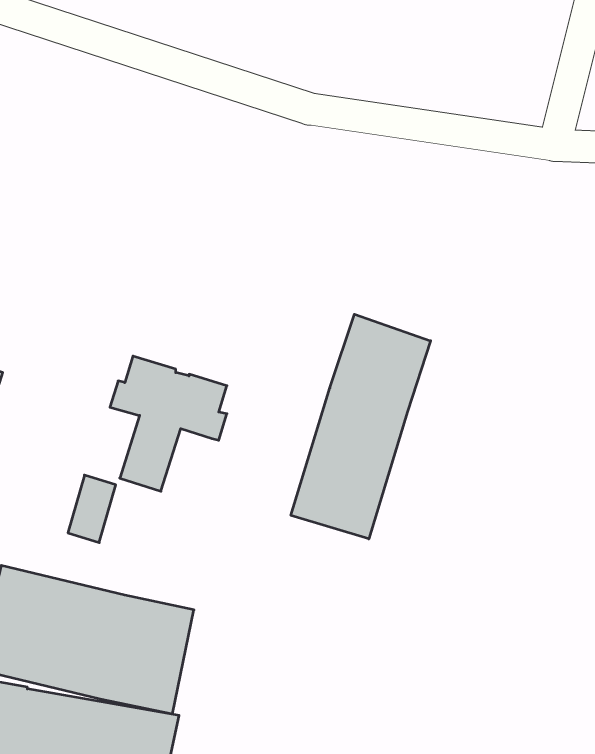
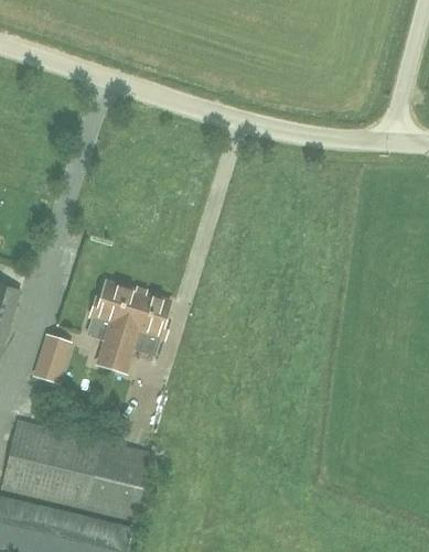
building: [291,314,431,539] -> none
building: [68,475,116,543] -> [34,336,66,381]

